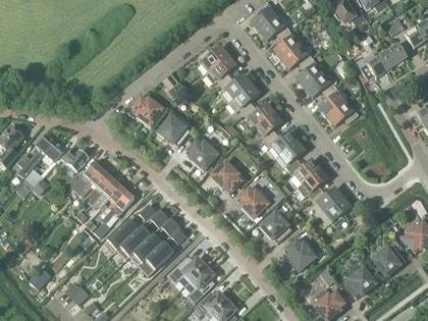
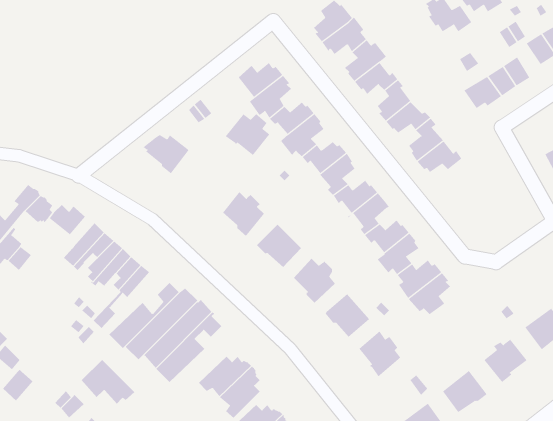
building: [158,116,191,147] -> [225,113,270,156]
building: none -> [81,349,135,405]

